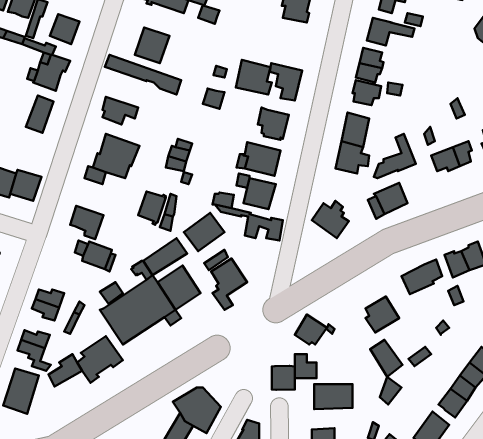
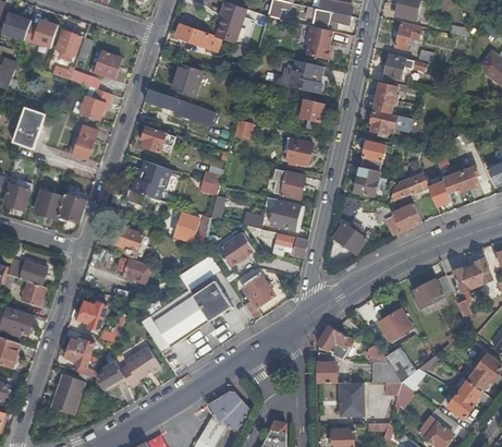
building: [236,60,272,95] -> [289,60,321,92]
building: none -> [371,362,401,382]
building: [272,366,295,390] -> none

